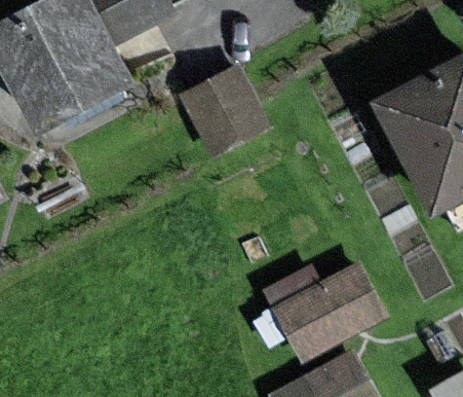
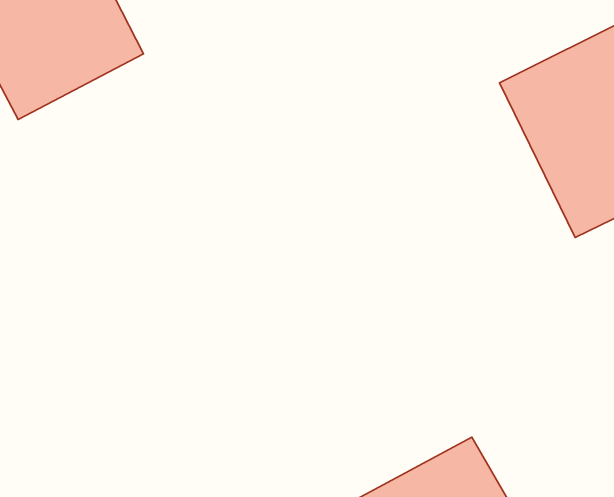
building: [180,71,257,150] -> none
building: [273,262,391,364] -> none

